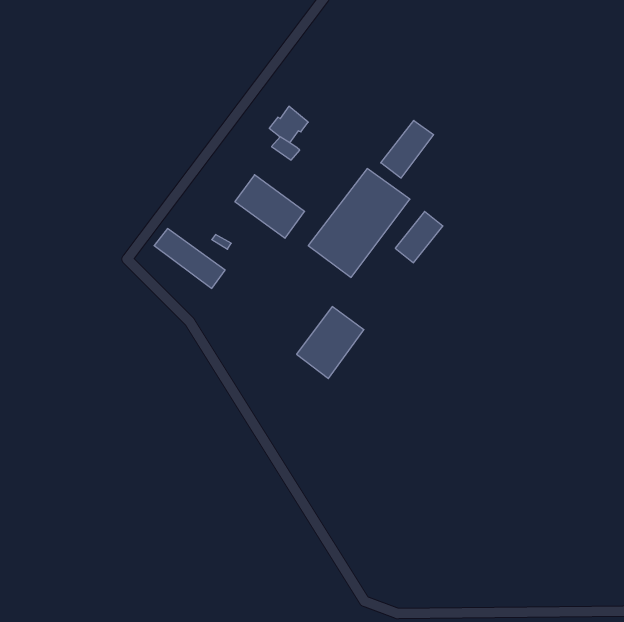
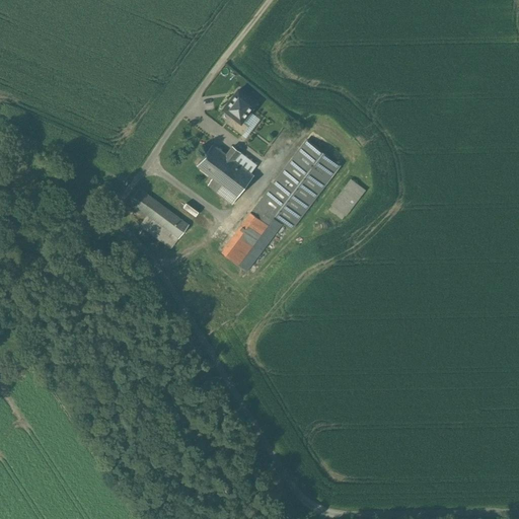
building: [381,120,434,178] -> none
building: [297,307,364,379] -> [220,212,276,272]

